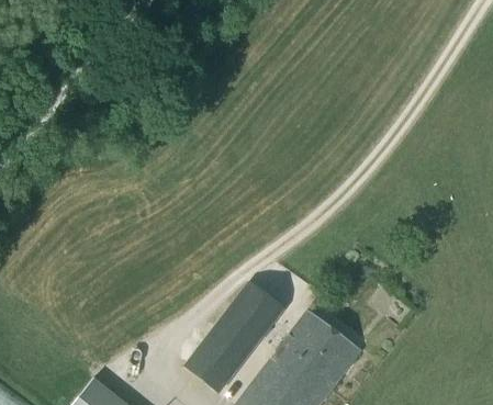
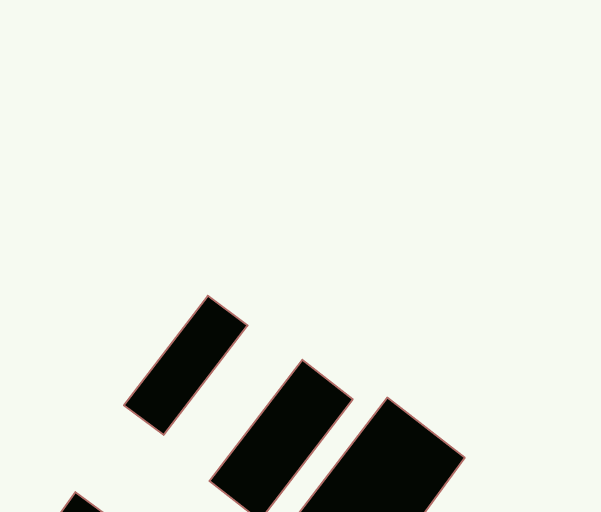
building: none -> [124,296,248,435]

